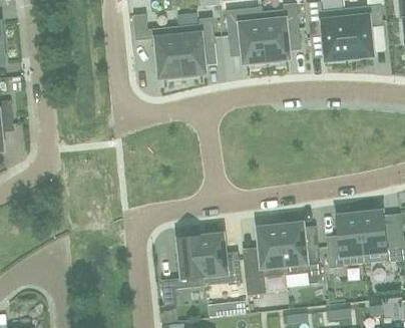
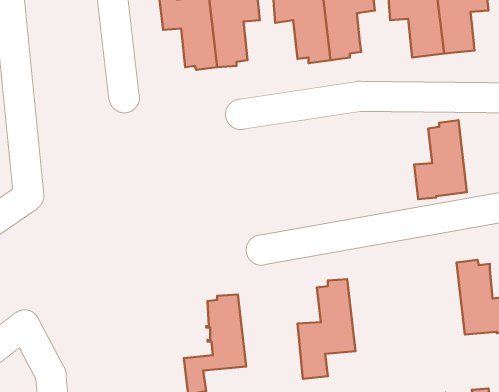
building: [326,211,364,268] -> [414,120,467,199]
building: [279,221,321,284] -> none
building: [199,232,241,286] -> none

